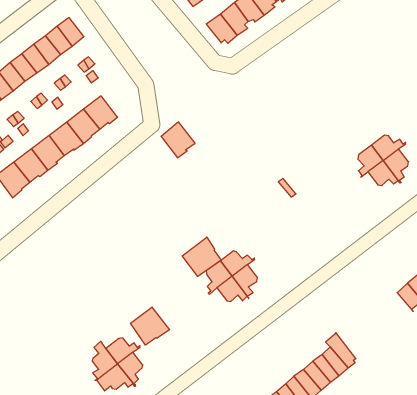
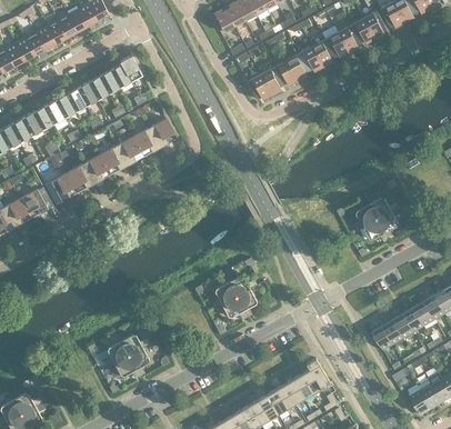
building: [161,122,195,158] -> [149,117,177,147]
building: [182,237,221,276] -> none
building: [131,307,169,345] -> none

